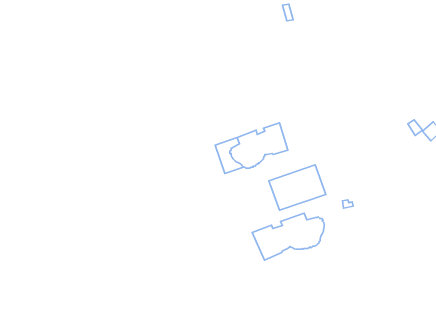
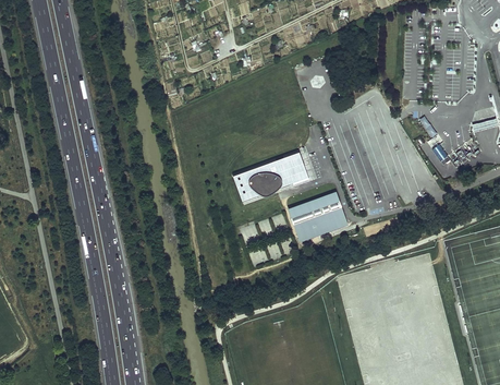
building: [252,213,324,260] -> none

